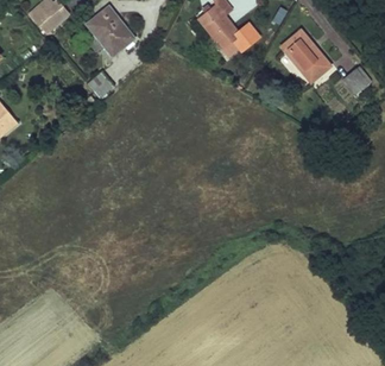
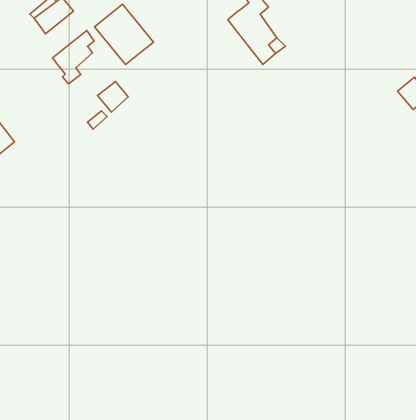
building: none -> [52,30,94,84]
building: [280,30,332,83] -> none

